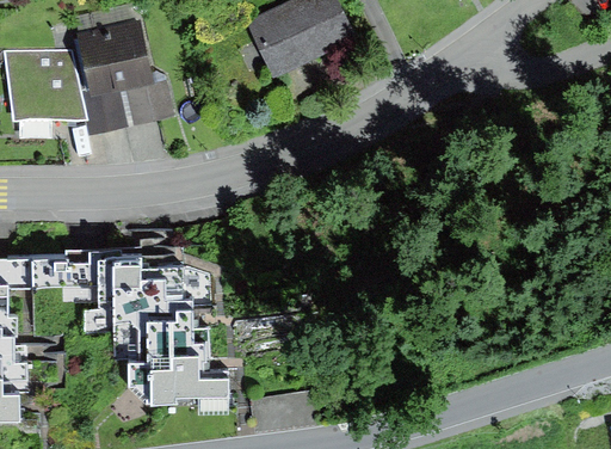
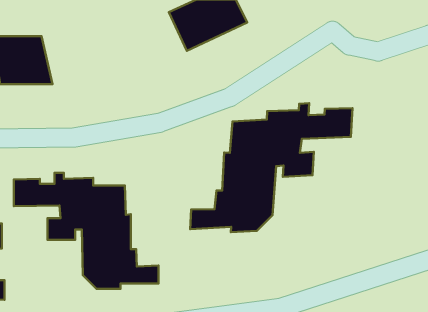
building: [79,21,174,134] -> none
building: none -> [190,103,352,232]

